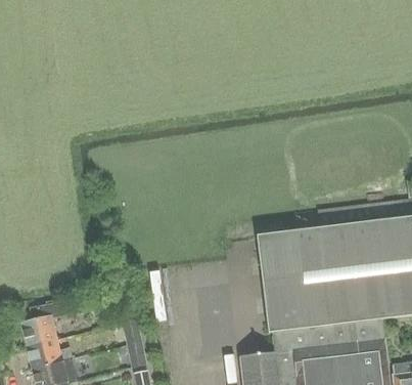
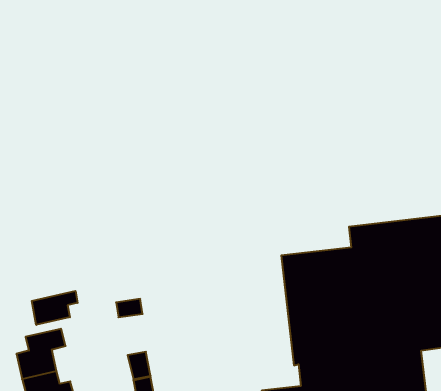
building: none -> [32,291,78,325]

